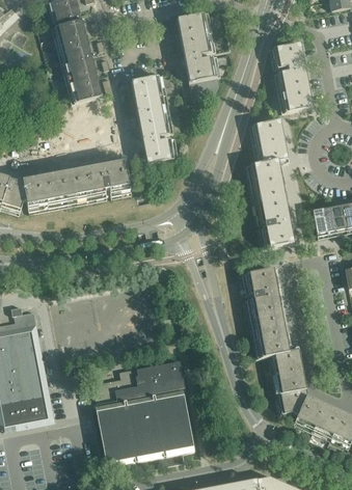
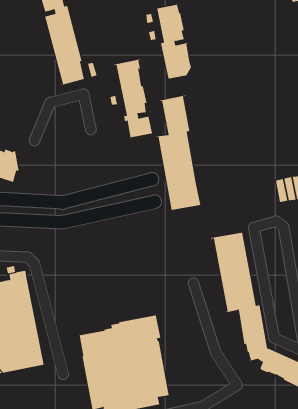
building: [270,43,313,112] -> none
building: [245,118,297,248] -> [155,95,201,211]
building: [22,157,131,212] -> none

